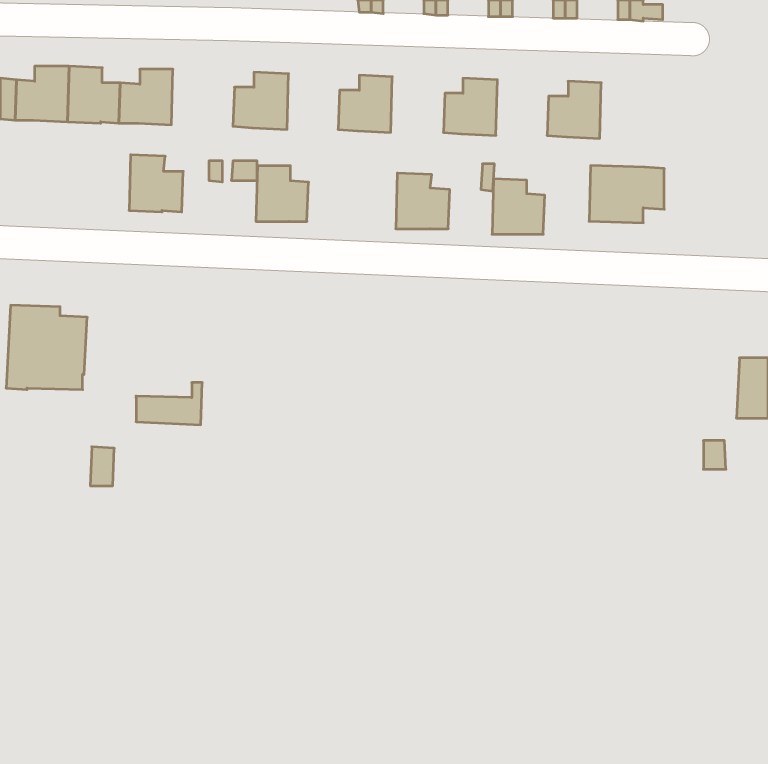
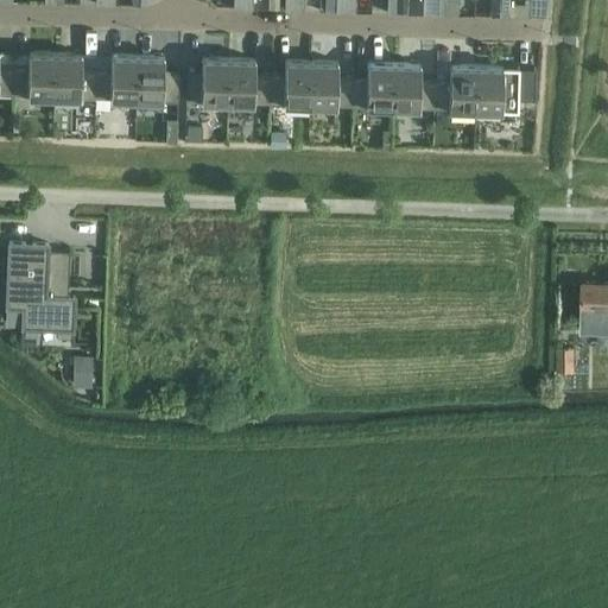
building: [129,155,183,212] -> [135,58,178,103]
building: [589,166,664,223] -> [474,69,533,114]
building: [256,166,309,221] -> [227,62,268,106]
building: [396,173,450,229] -> [309,64,352,108]
building: [492,179,545,234] -> [392,66,433,110]
building: [136,383,202,425] -> [21,299,74,332]

